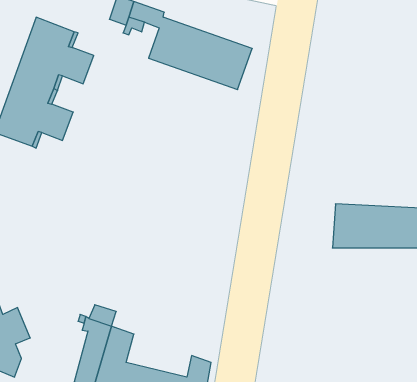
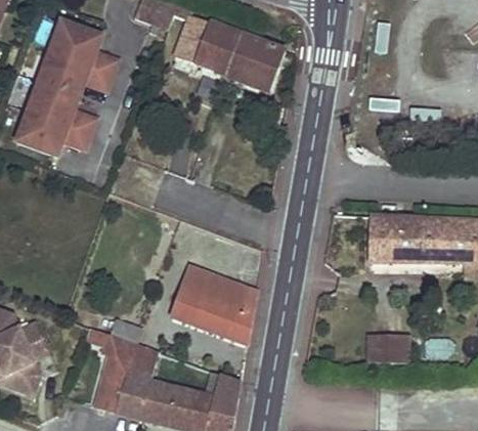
building: none -> [174,265,256,343]
building: none -> [364,335,405,364]

